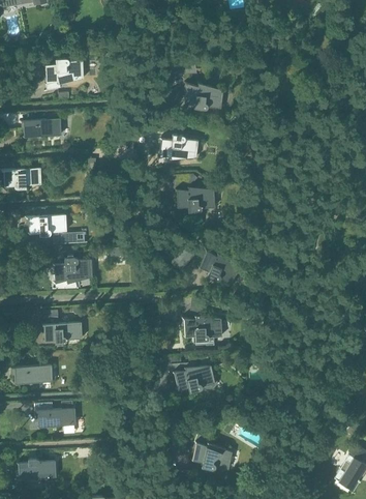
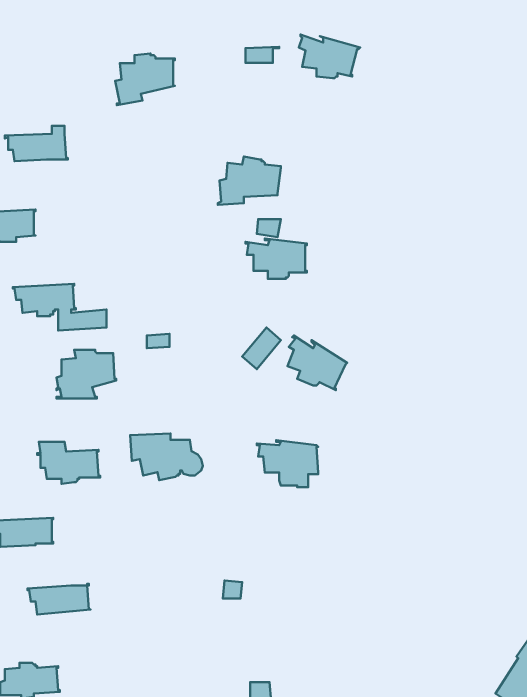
building: [43,58,82,91] -> [115,54,175,105]
building: [183,82,222,110] -> [299,35,360,78]
building: [171,362,217,392] -> [130,433,203,480]
building: [192,434,231,470] -> none

